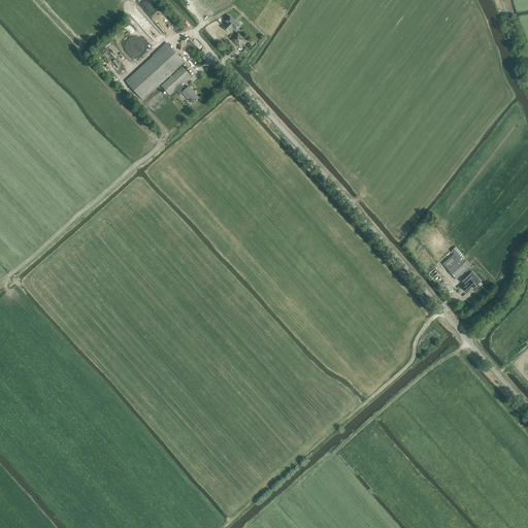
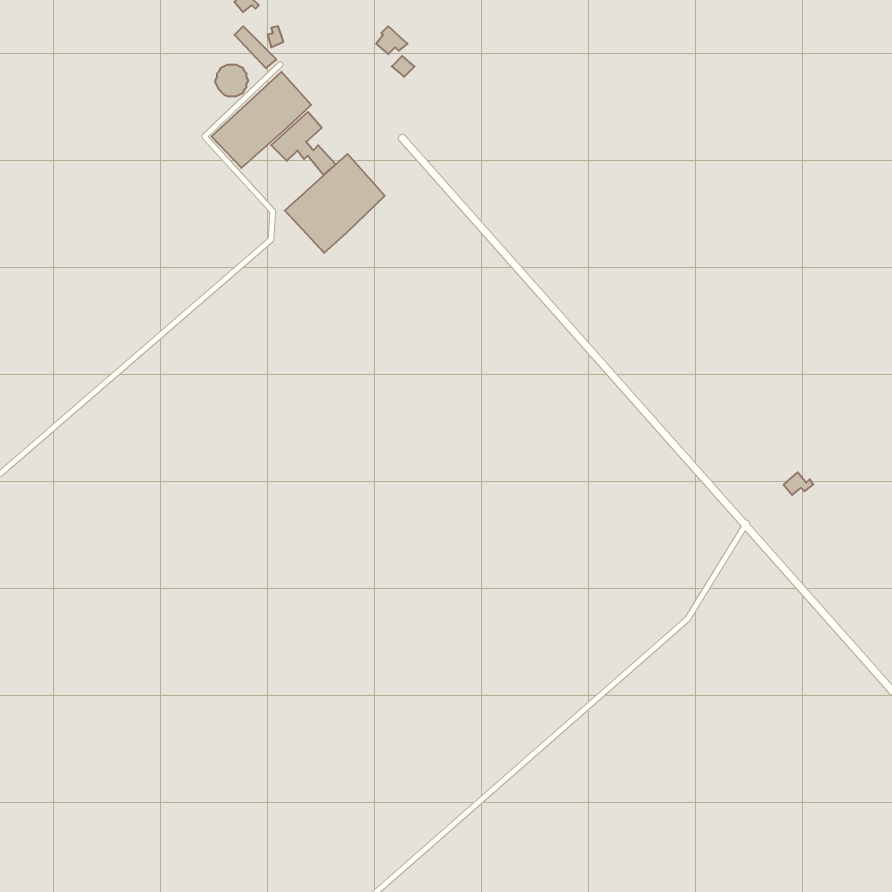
building: none -> [285,154,385,253]
building: [441,245,466,278] -> none

